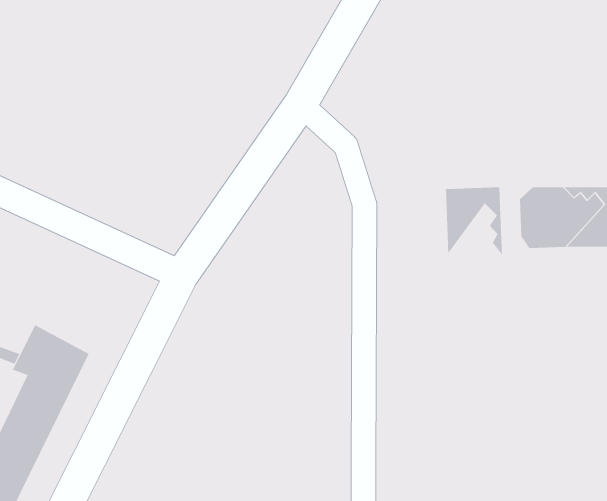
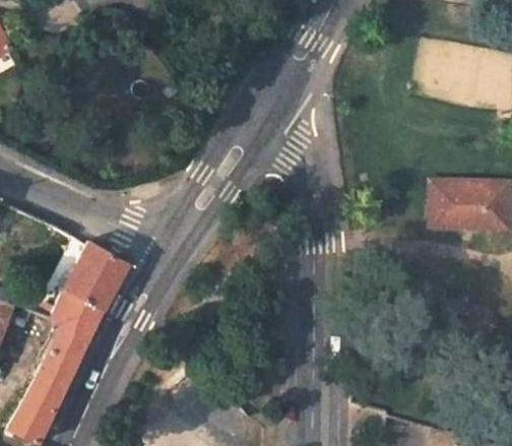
building: [446,187,502,256] -> none
building: none -> [64,242,130,310]

